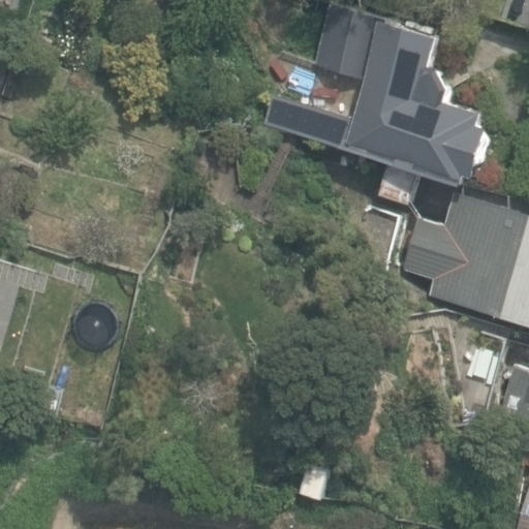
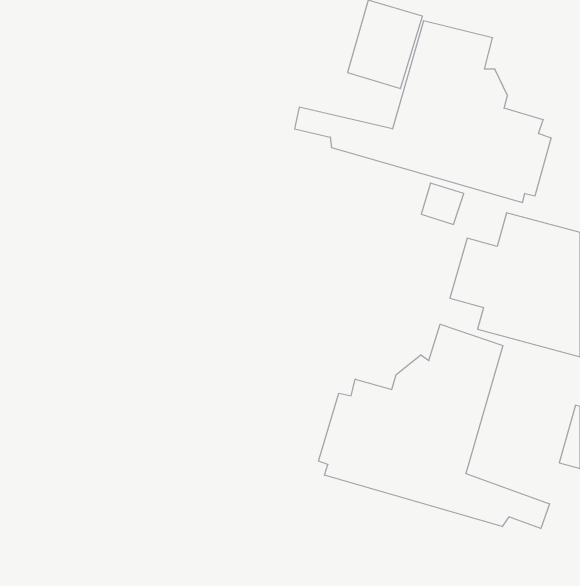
building: none -> [319,324,550,529]

